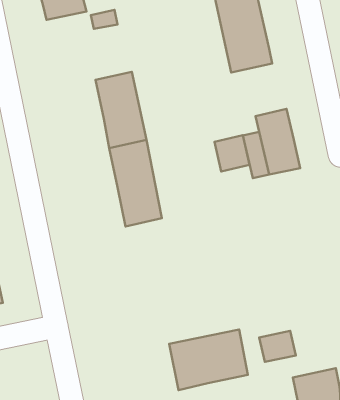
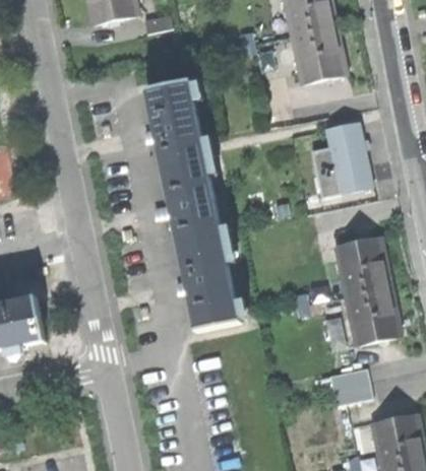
building: [215,135,249,172] -> none
building: none -> [332,236,400,342]
building: none -> [181,244,238,329]
building: [169,330,248,390] -> none

